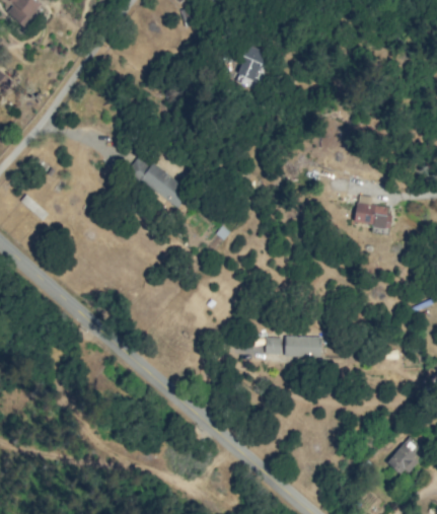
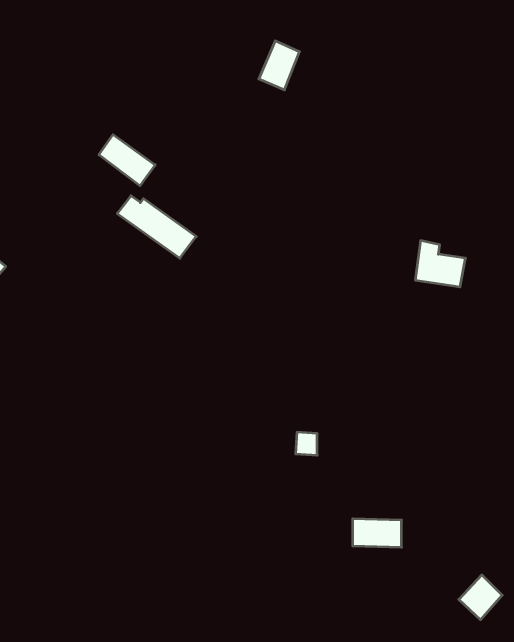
building: none -> [99,135,155,186]
building: [285,336,321,357] -> [353,519,402,547]

